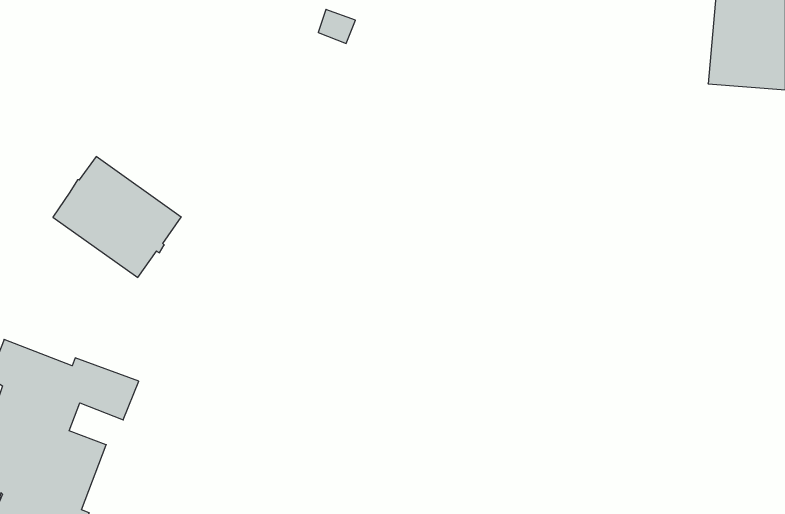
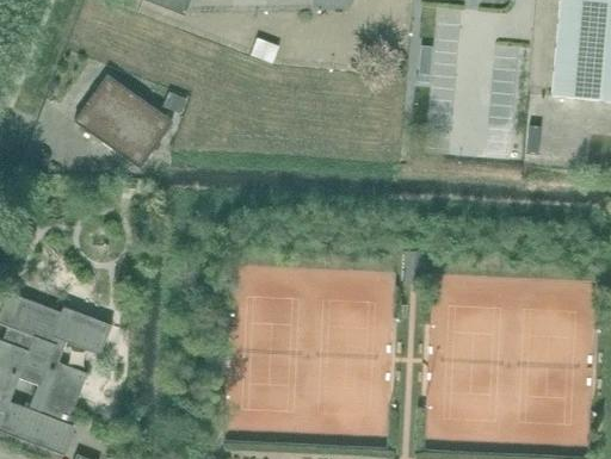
building: [53,157,181,277] -> [73,74,172,167]

